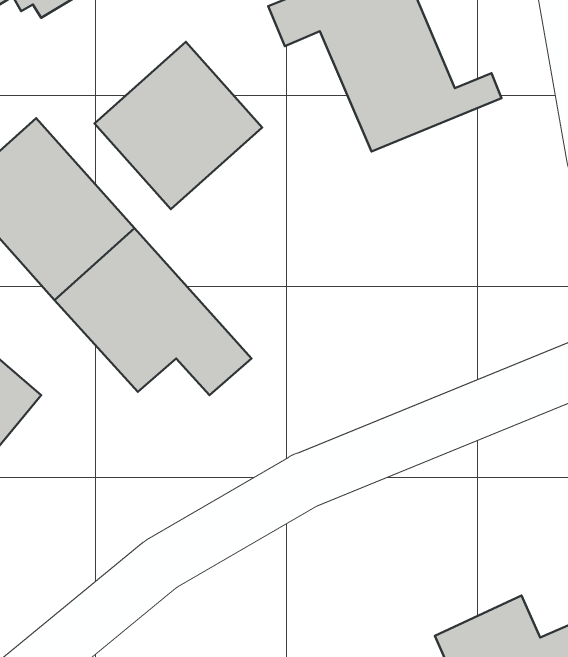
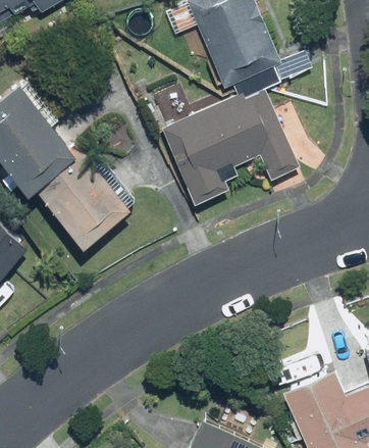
building: [95,42,262,209] -> none
building: none -> [154,98,288,211]

